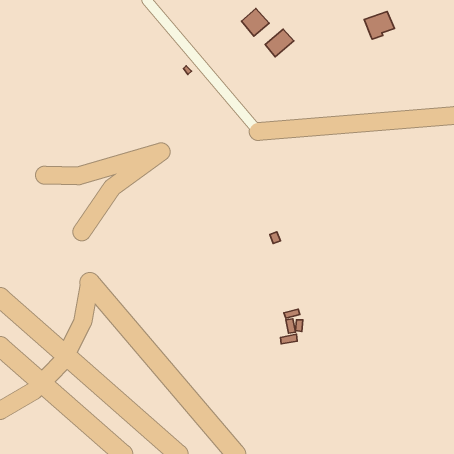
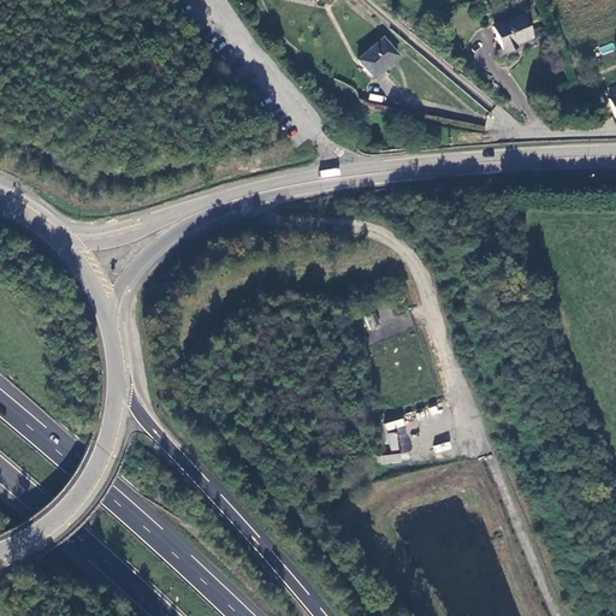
building: [242,9,269,36] -> none

